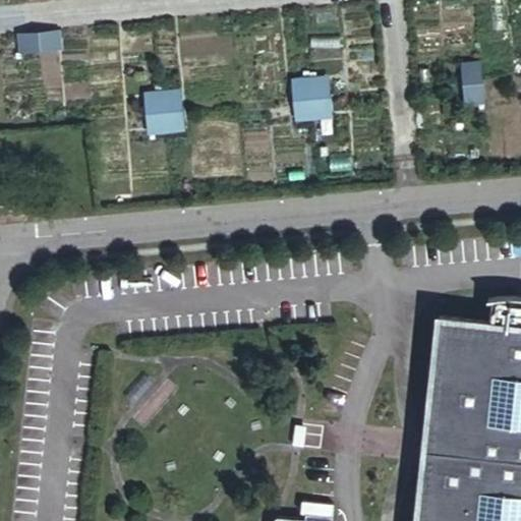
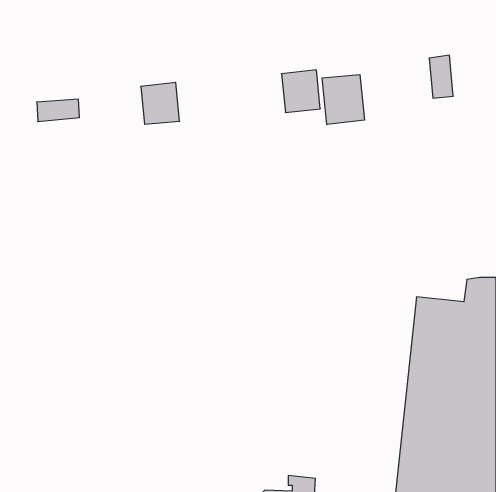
building: [20,32,65,55] -> [37,99,79,122]
building: none -> [322,75,364,125]

